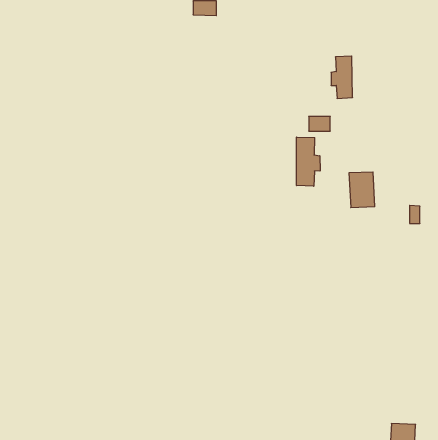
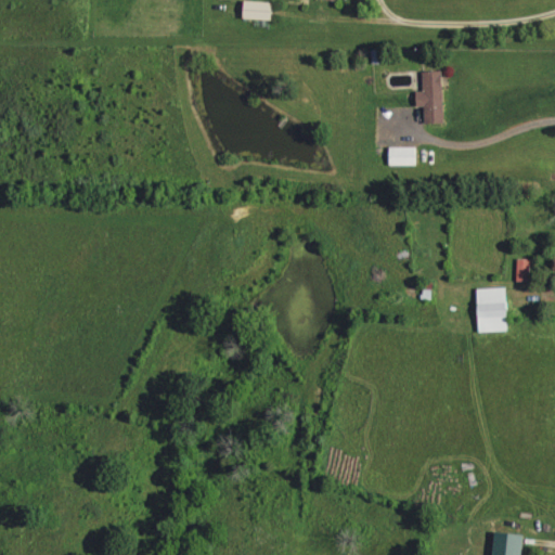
building: [297,137,320,186] -> none
building: [349,172,375,208] -> [476,288,508,333]

